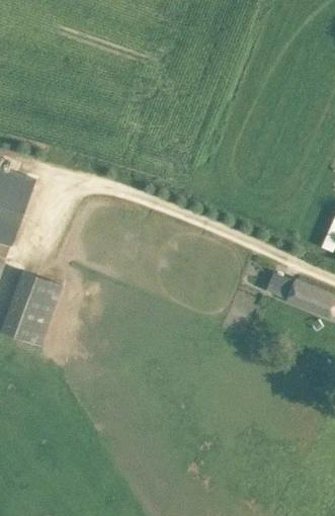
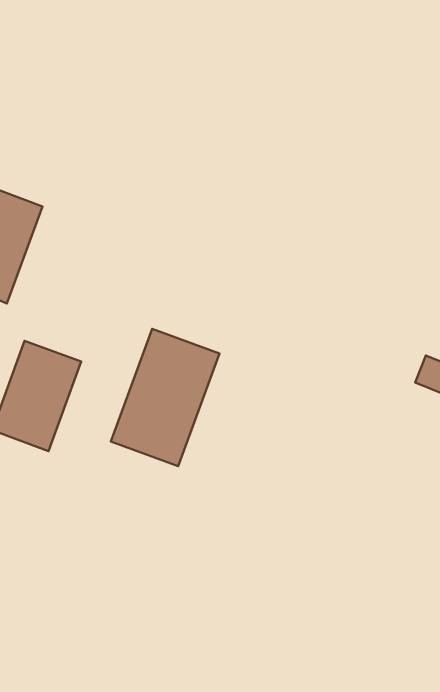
building: none -> [111,329,219,466]

